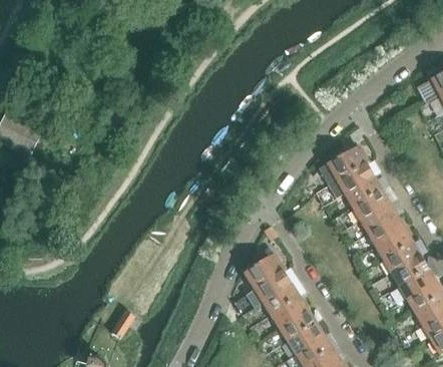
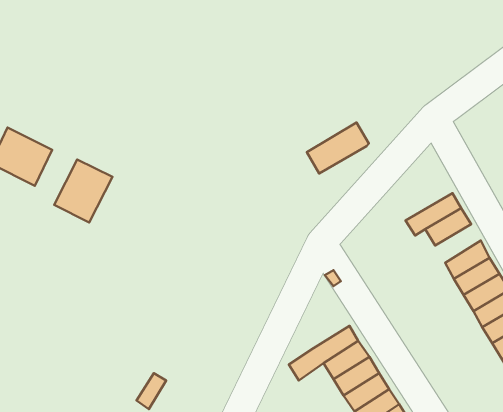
building: none -> [54,159,113,222]
building: [319,144,369,186] -> [307,123,369,173]
building: [353,189,390,220] -> none
building: [245,253,286,289] -> none

